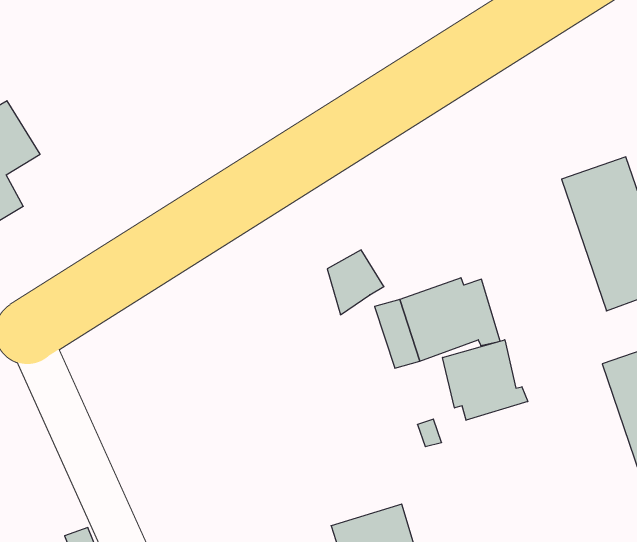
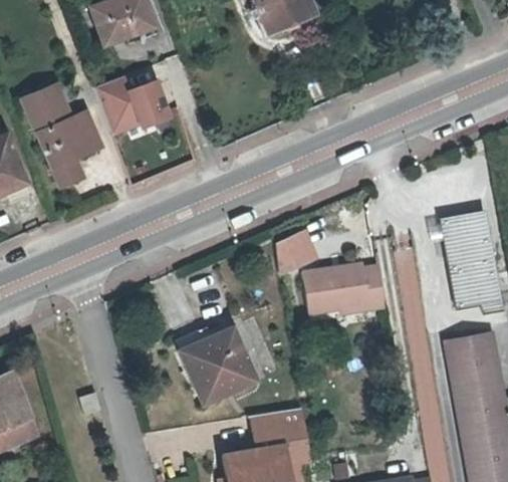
building: none -> [95,74,170,133]
building: [443,340,528,420] -> none
building: none -> [175,326,258,404]

